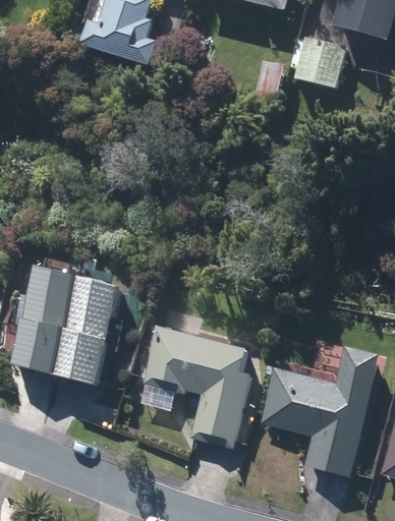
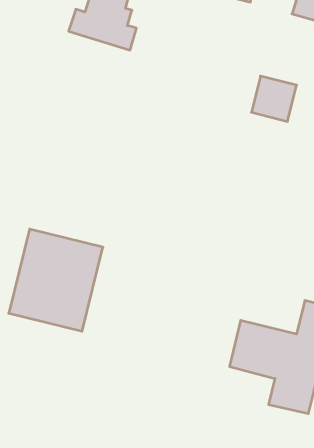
building: [294,37,345,88] -> [251,76,297,121]
building: [145,327,250,447] -> none

